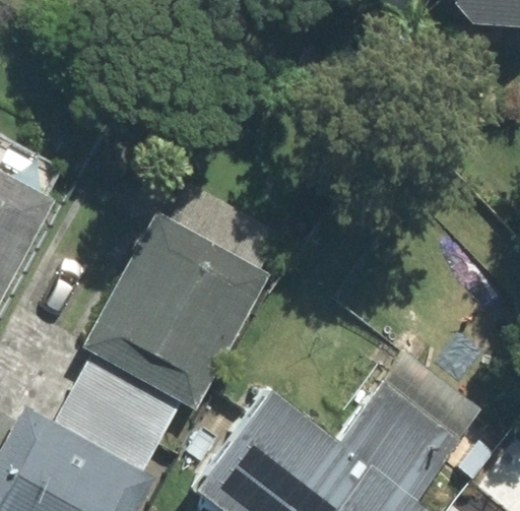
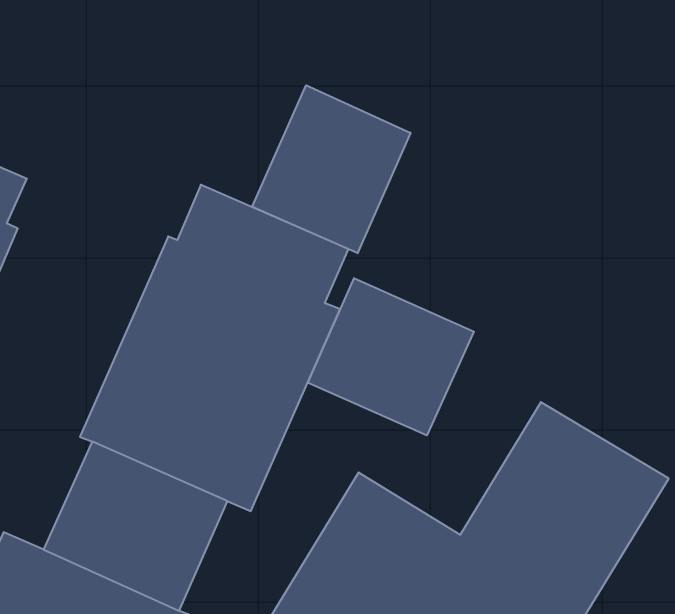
building: none -> [252,85,411,253]
building: none -> [308,278,474,435]

